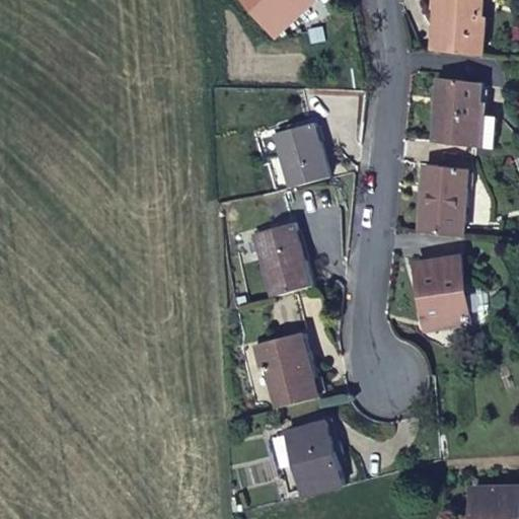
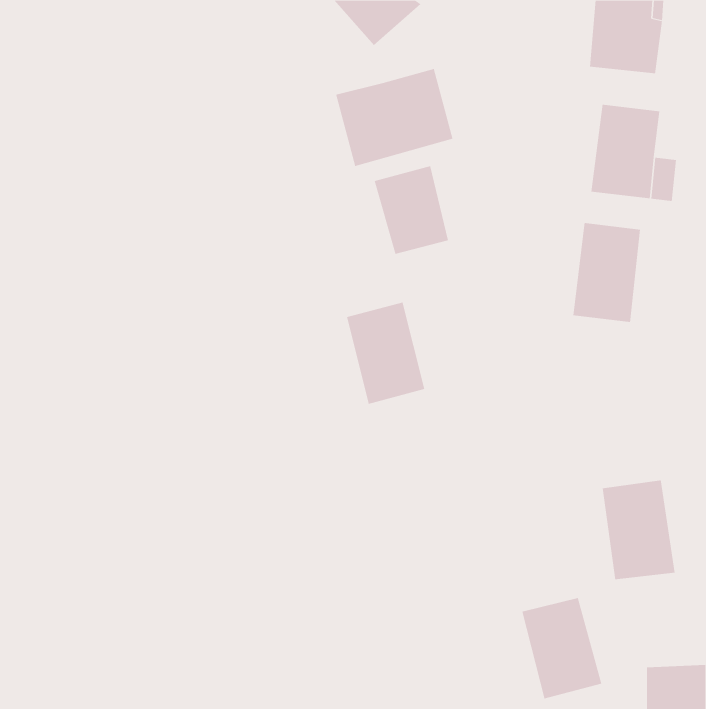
building: none -> [335,68,453,167]
building: [416,255,469,328] -> [602,480,676,580]
building: [251,333,318,407] -> none
building: [284,421,343,495] -> [522,598,602,699]

